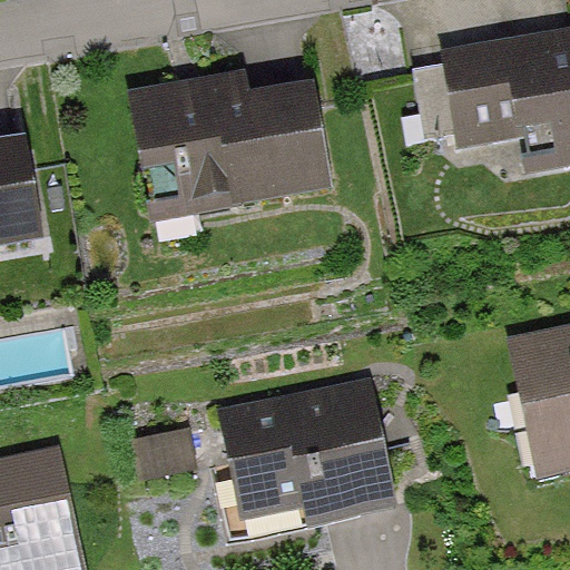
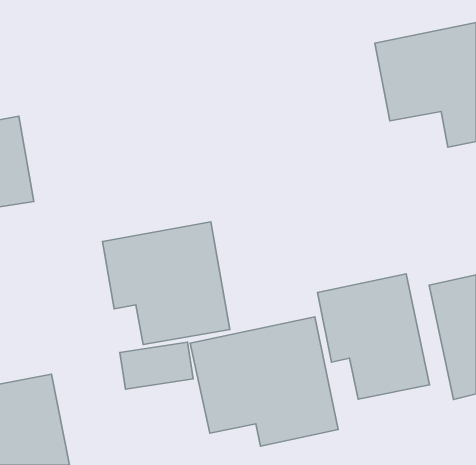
building: [126,71,325,223] -> none
building: none -> [103,222,230,344]
building: none -> [317,274,429,399]

